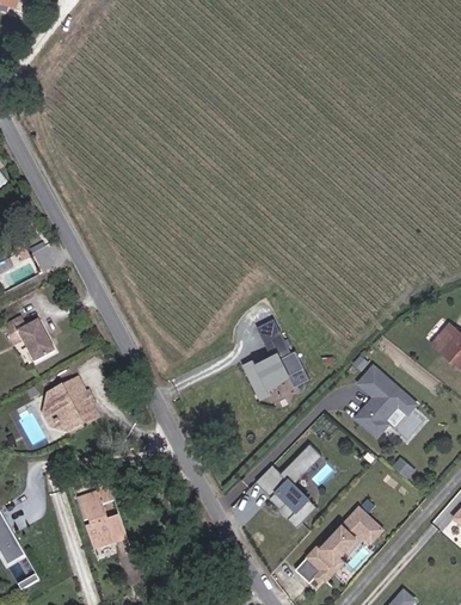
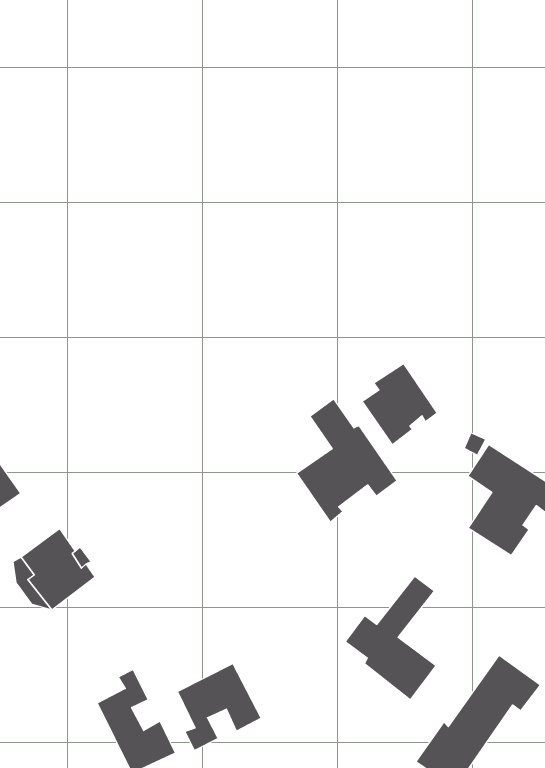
building: none -> [362,364,437,445]
building: none -> [177,664,261,751]

